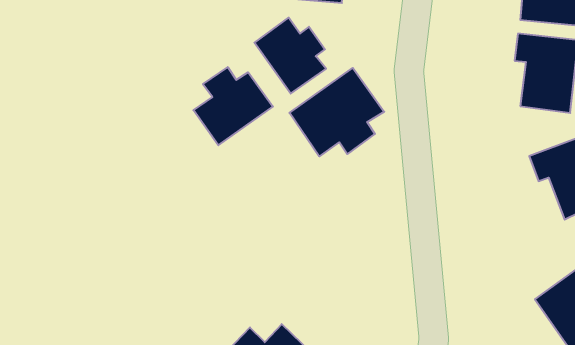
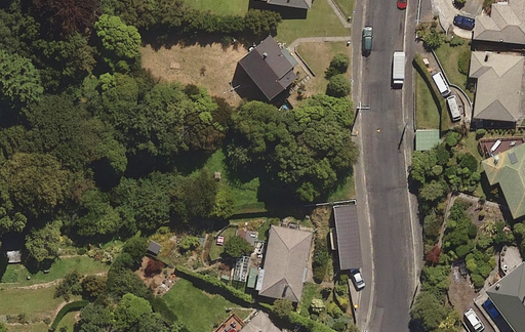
building: [193,67,273,145] -> none
building: [289,68,384,156] -> none
building: none -> [254,223,314,302]

